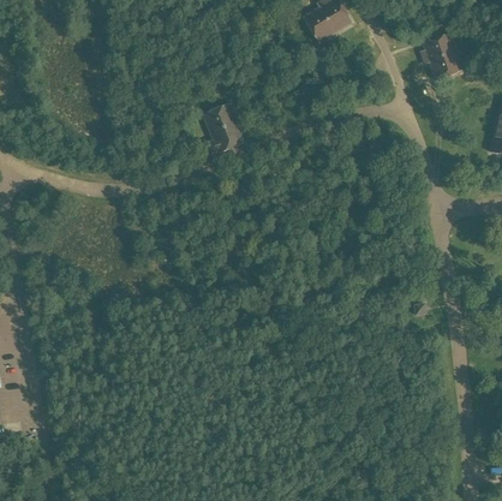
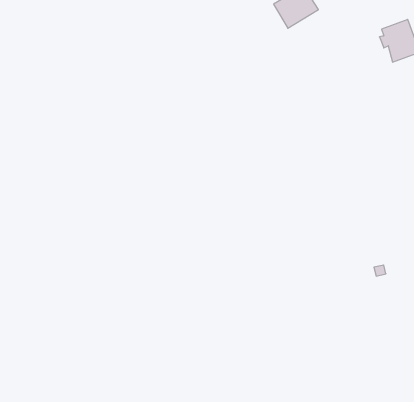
building: [204,103,247,154] -> none

